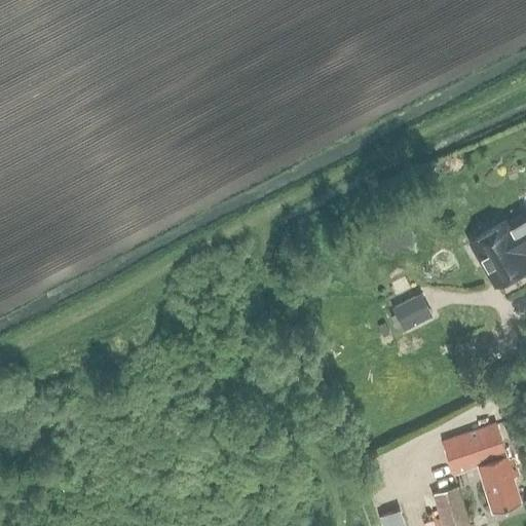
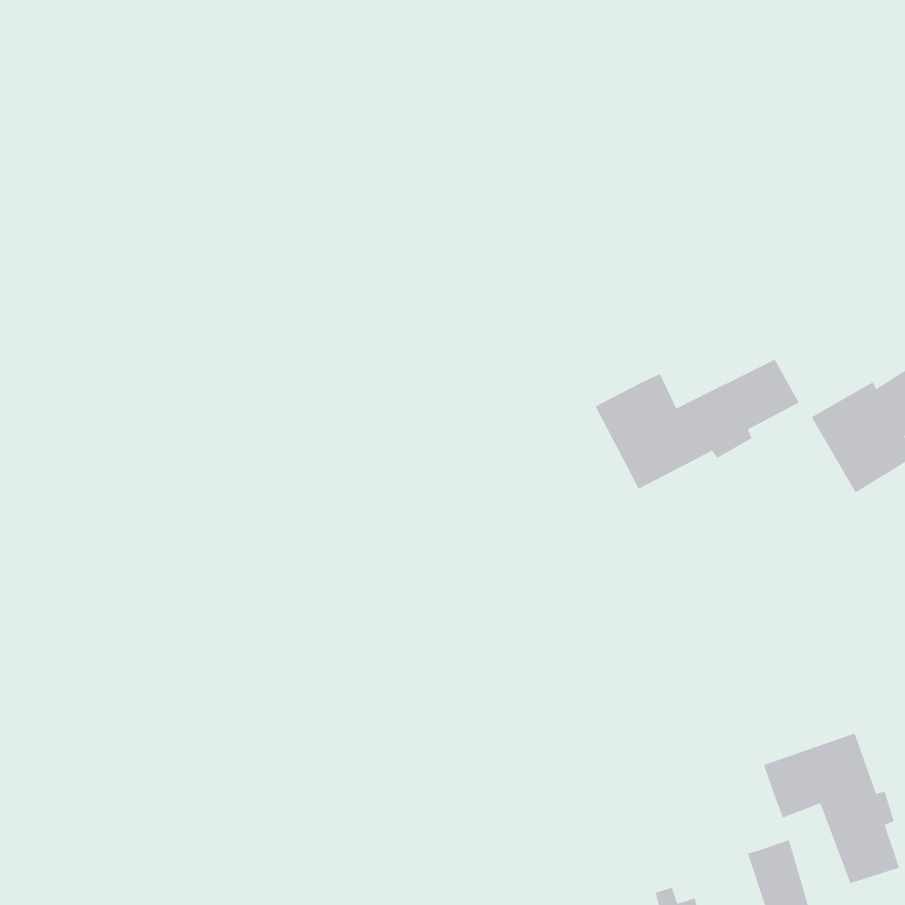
building: none -> [595,359,800,489]
building: [392,298,427,332] -> none

